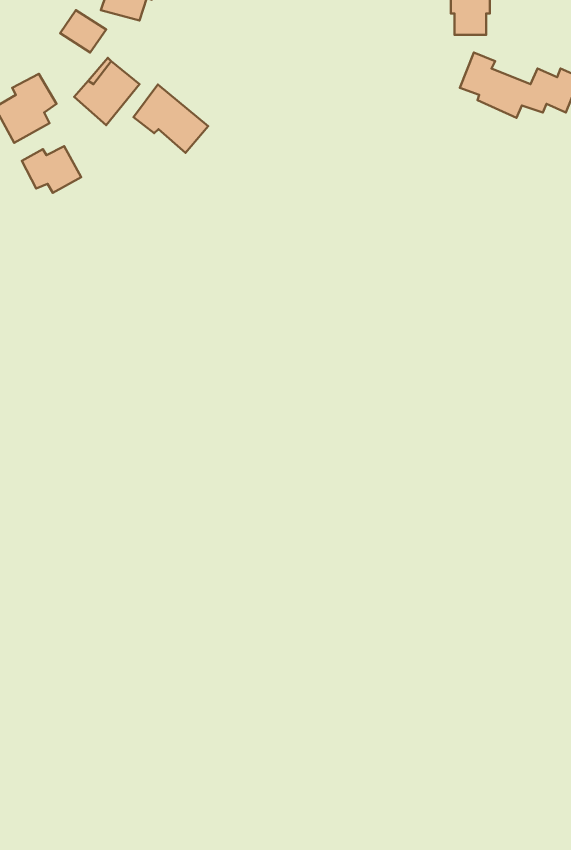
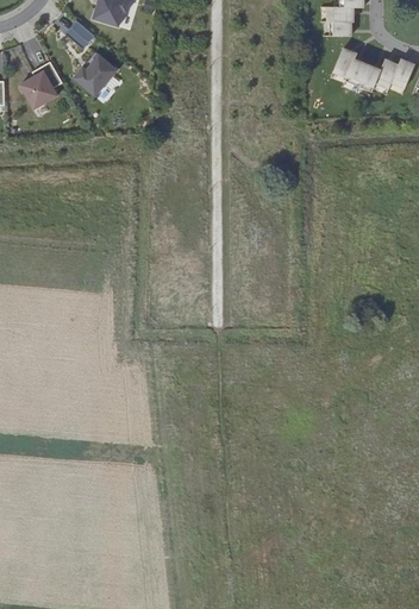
building: [133,85,208,153] -> none
building: [22,146,81,193] -> none

